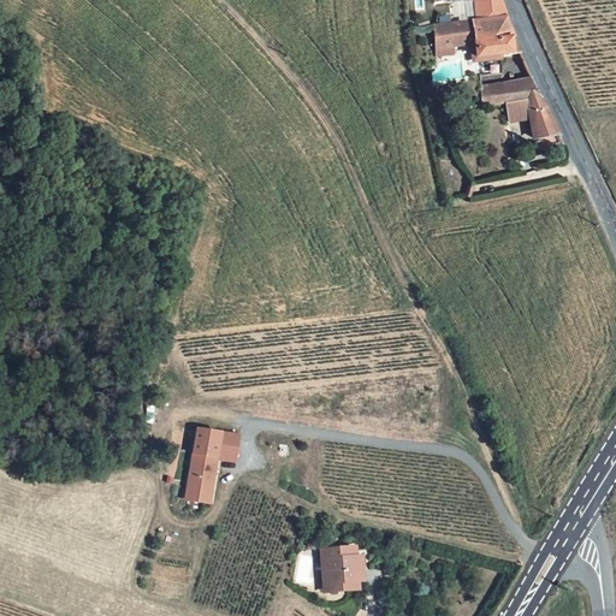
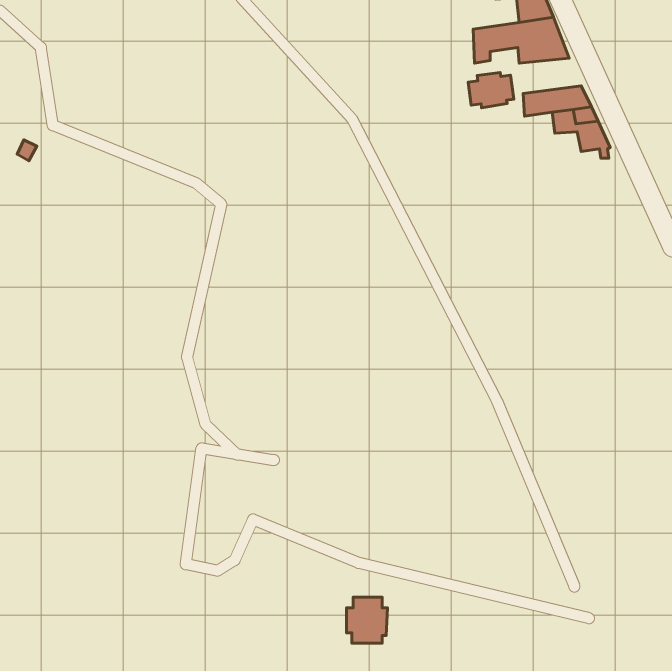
building: none -> [468,72,514,108]
building: [190,428,239,502] -> none

